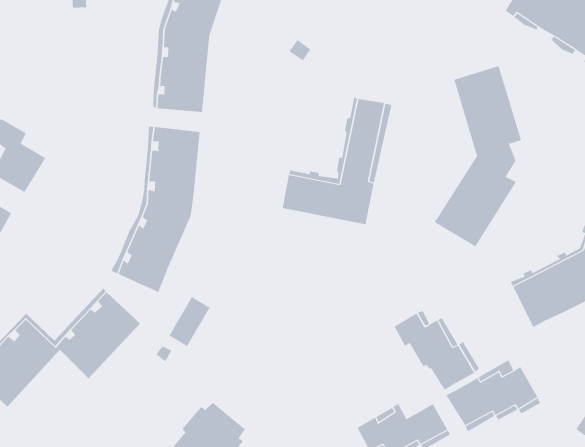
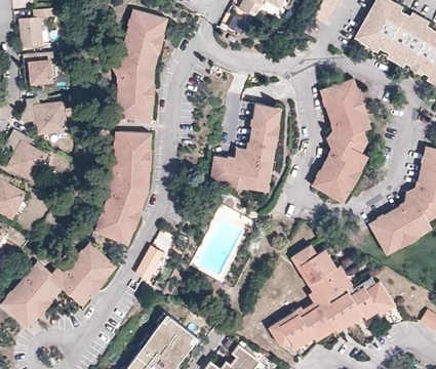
building: none -> [23,52,54,85]
building: none -> [18,98,66,135]
building: none -> [311,87,341,186]

